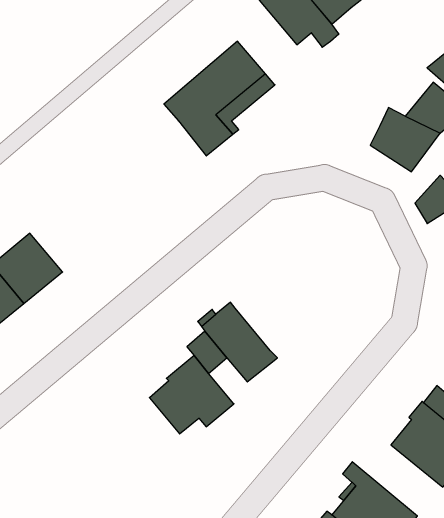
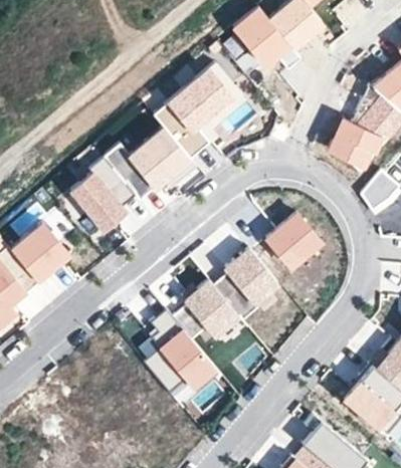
building: none -> [133,130,192,189]
building: none -> [70,157,136,230]
building: none -> [266,214,321,268]
building: none -> [213,248,278,320]

